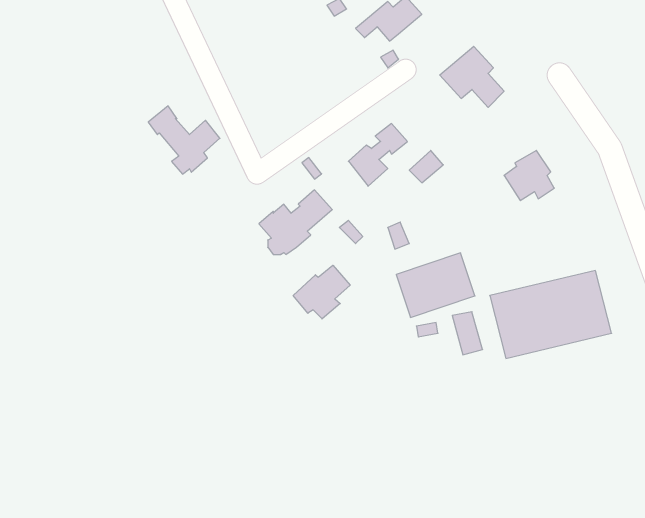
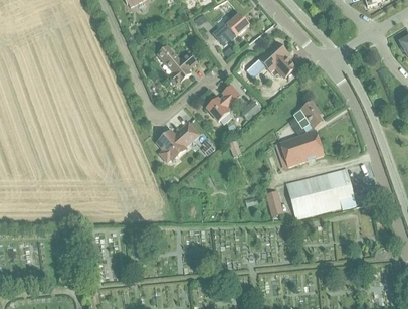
building: [148,106,220,174] -> [157,44,197,83]
building: [396,253,475,317] -> [279,130,324,166]
building: [293,265,350,319] -> none

